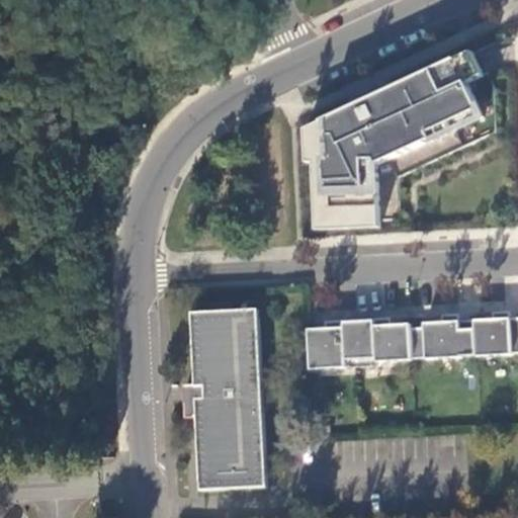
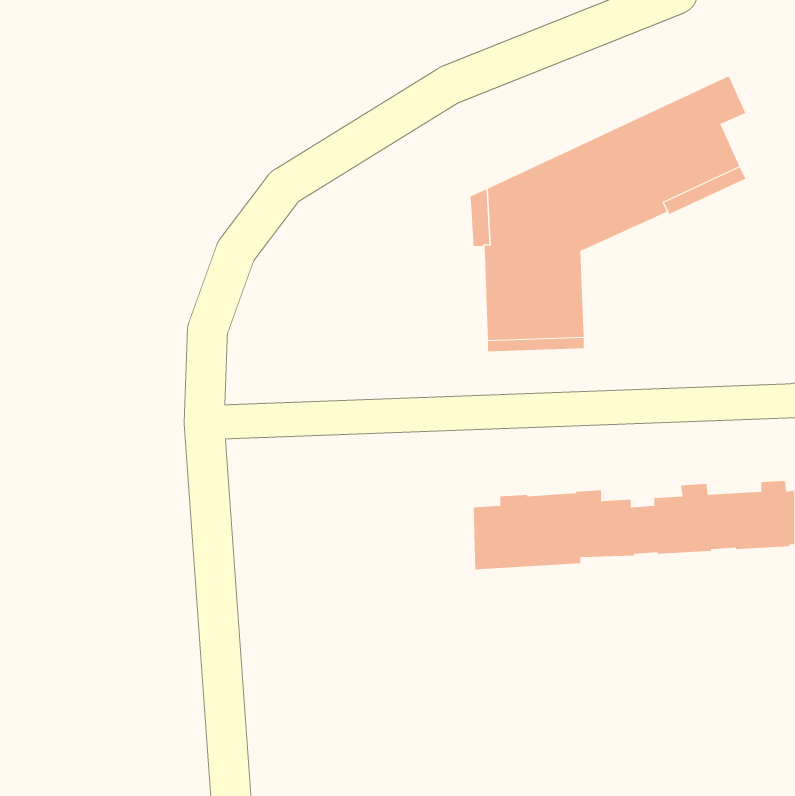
building: [190,305,262,485] -> none

